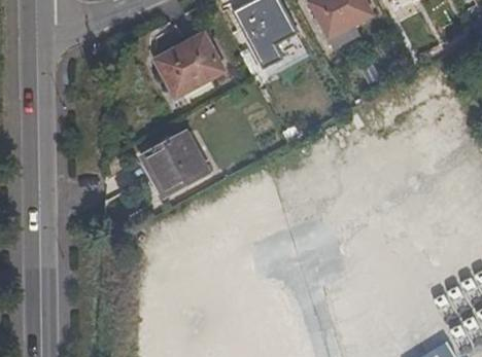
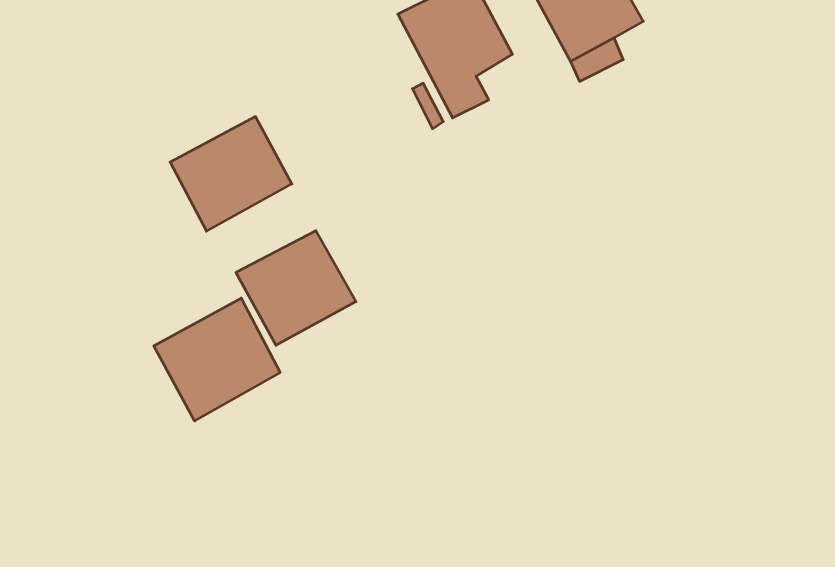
building: [154,31,223,96] -> [170,117,292,231]
building: none -> [154,298,280,421]

